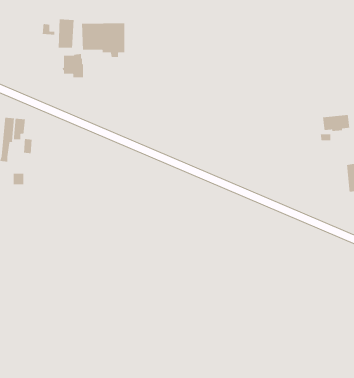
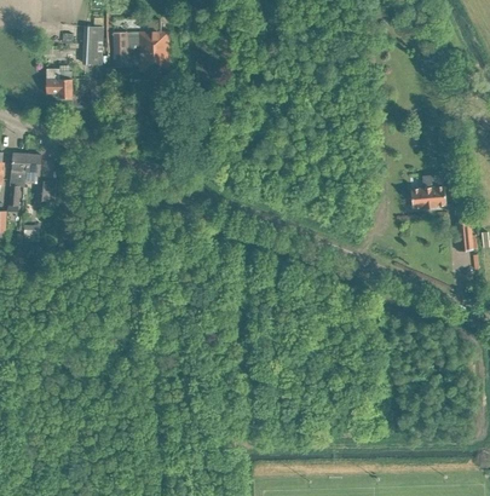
building: [61,53,84,78] -> [44,65,73,98]
building: [322,114,350,132] -> [410,185,446,208]

